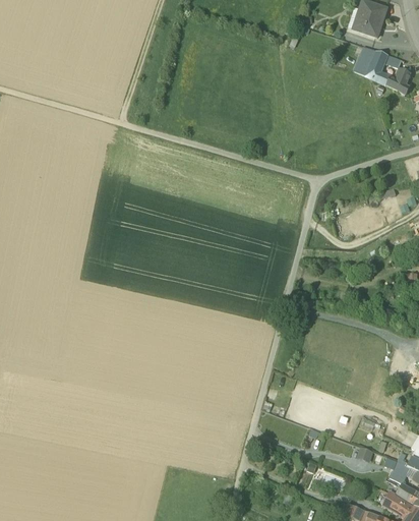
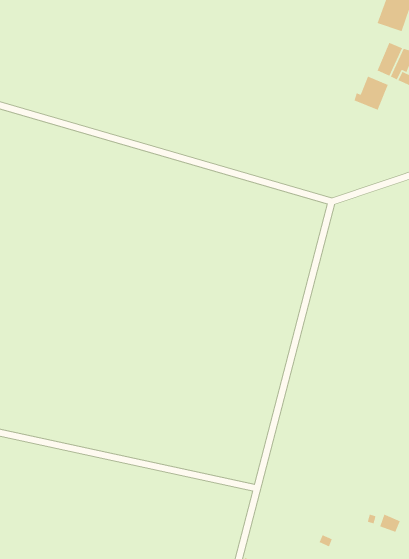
building: none -> [354,76,389,111]

